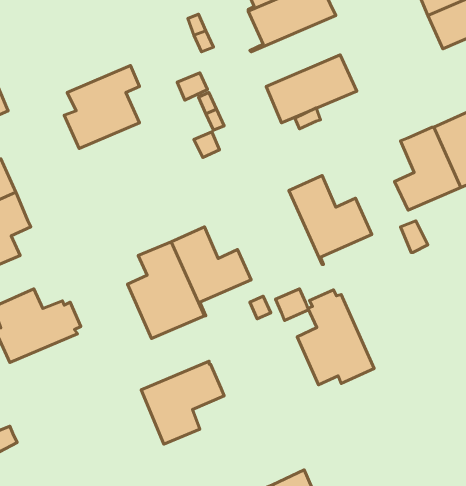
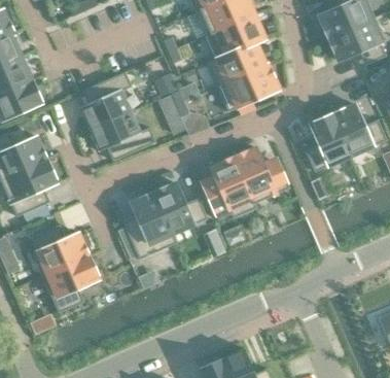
building: none -> [207,37,268,85]
building: none -> [90,110,155,160]
building: [297,290,374,385] -> [203,153,255,218]
building: [141,361,224,444] -> [42,254,99,311]

